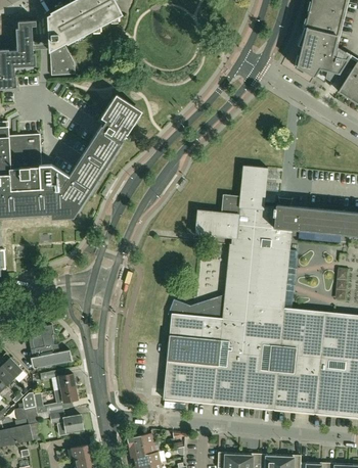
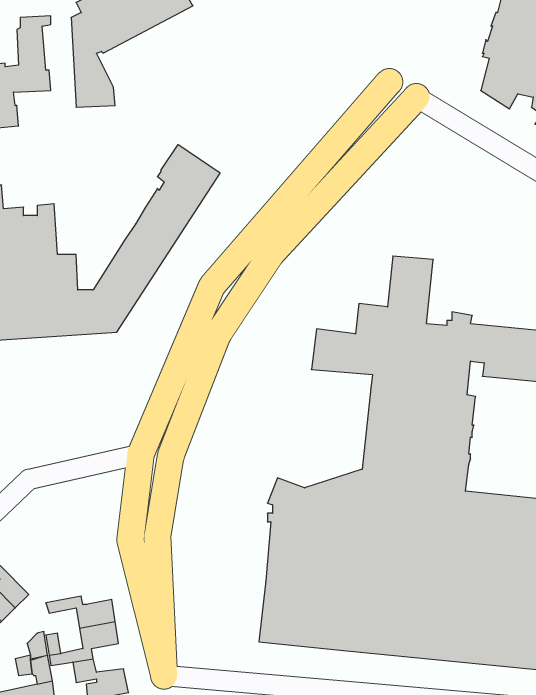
building: [30,325,73,368] -> none

